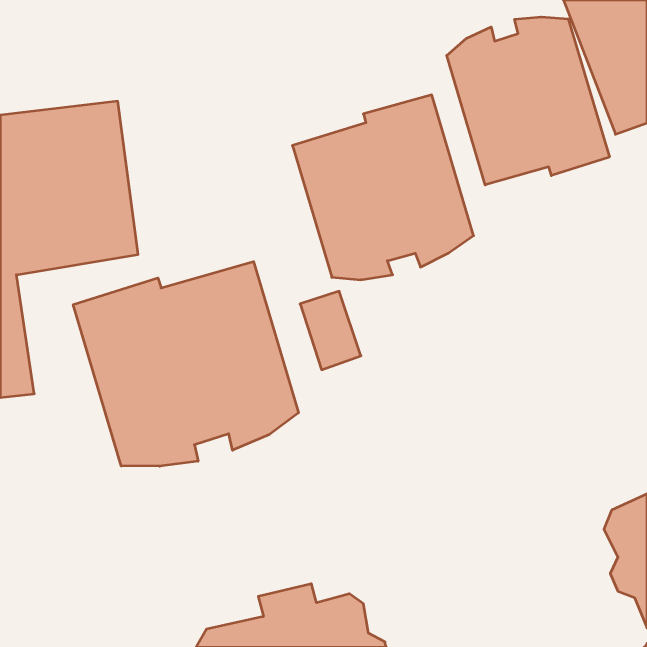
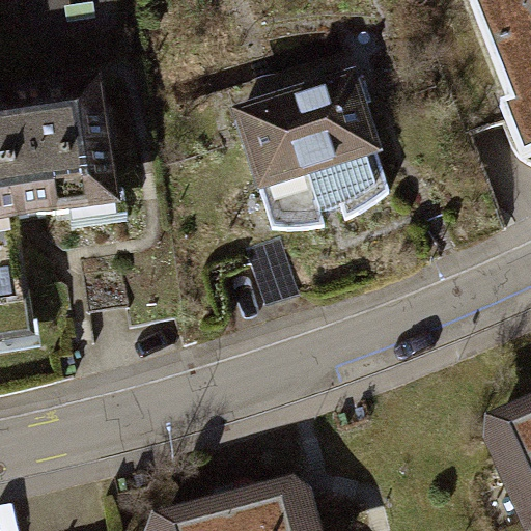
building: [447,17,609,185] -> none
building: [73,262,298,466] -> none

